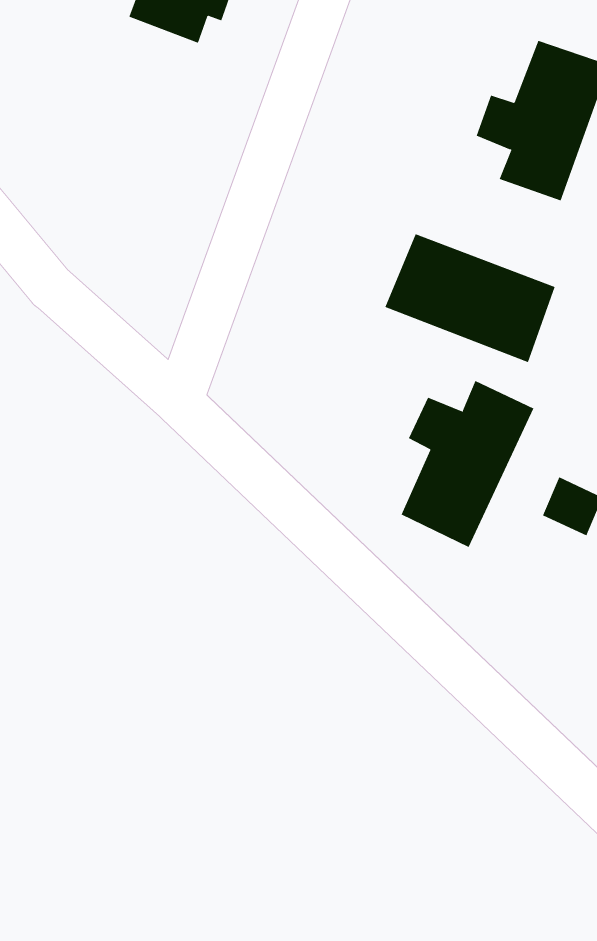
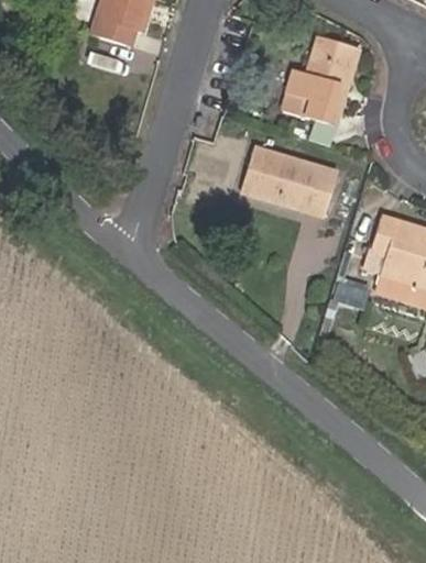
building: [401,380,534,548] -> none

